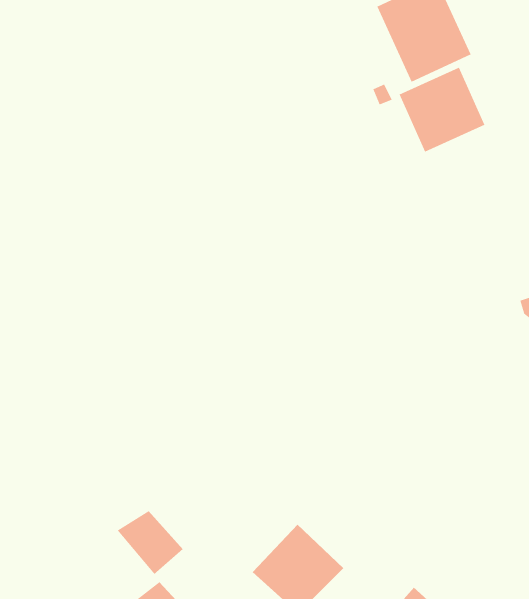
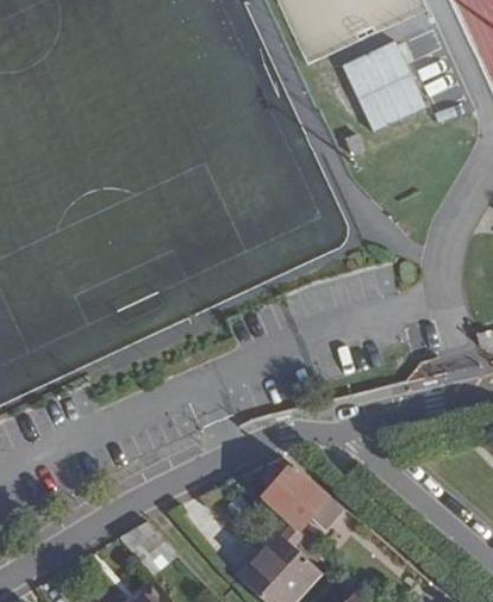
building: [399,67,485,153] -> none
building: none -> [258,463,342,530]

